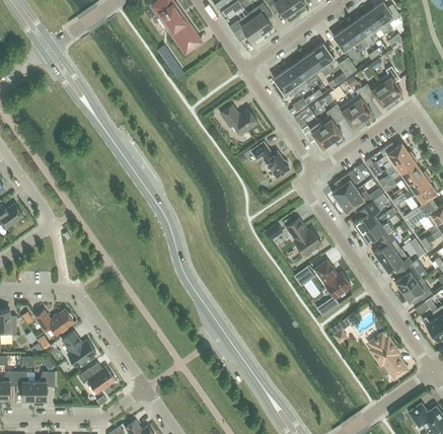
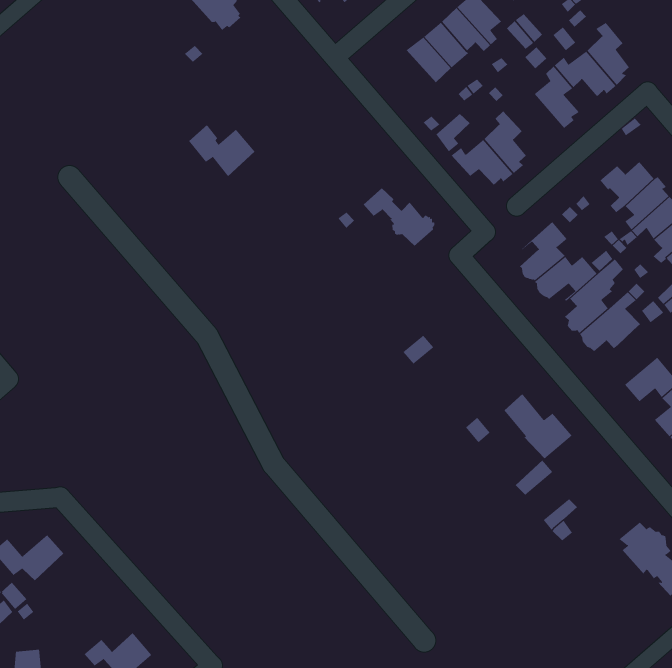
building: [273,71,300,100] -> none
building: [331,101,363,128] -> none
building: [221,105,256,135] -> [188,124,256,177]
building: [286,219,321,256] -> none
building: [373,233,400,262] -> none
building: [62,332,95,367] -> none

